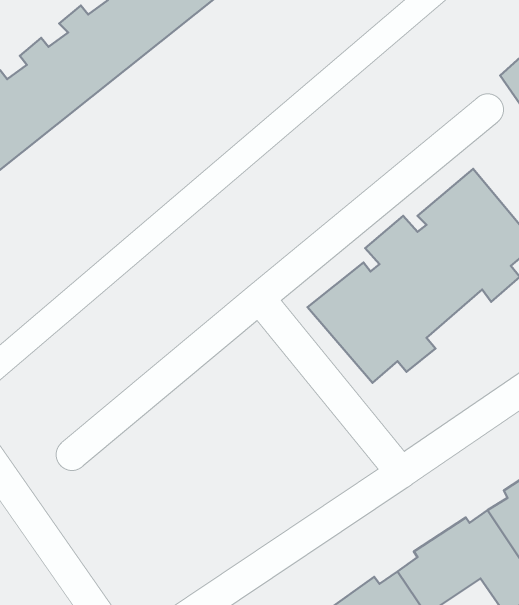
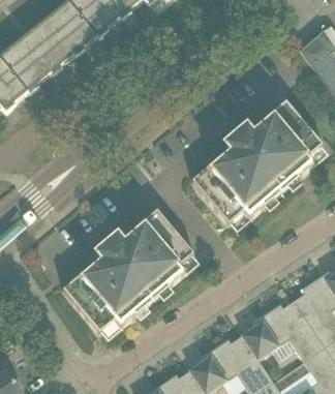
building: none -> [62,213,193,335]

